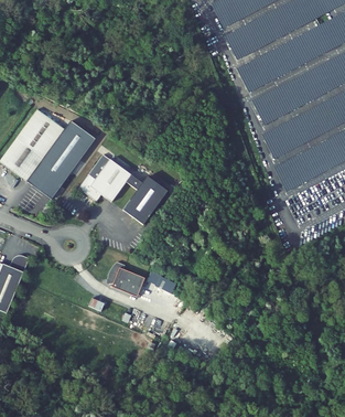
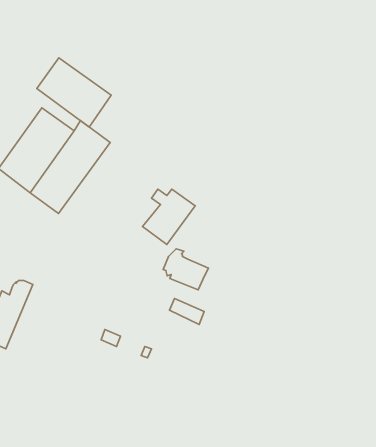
building: none -> [37,58,111,127]
building: [78,153,136,202] -> none
building: [106,261,144,297] -> [163,249,208,290]

